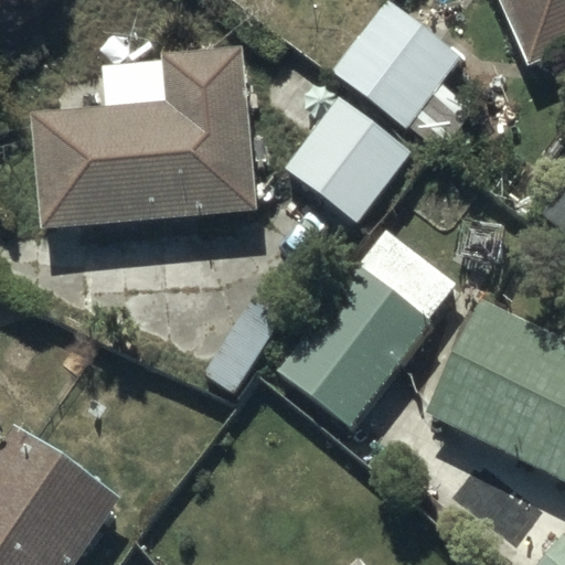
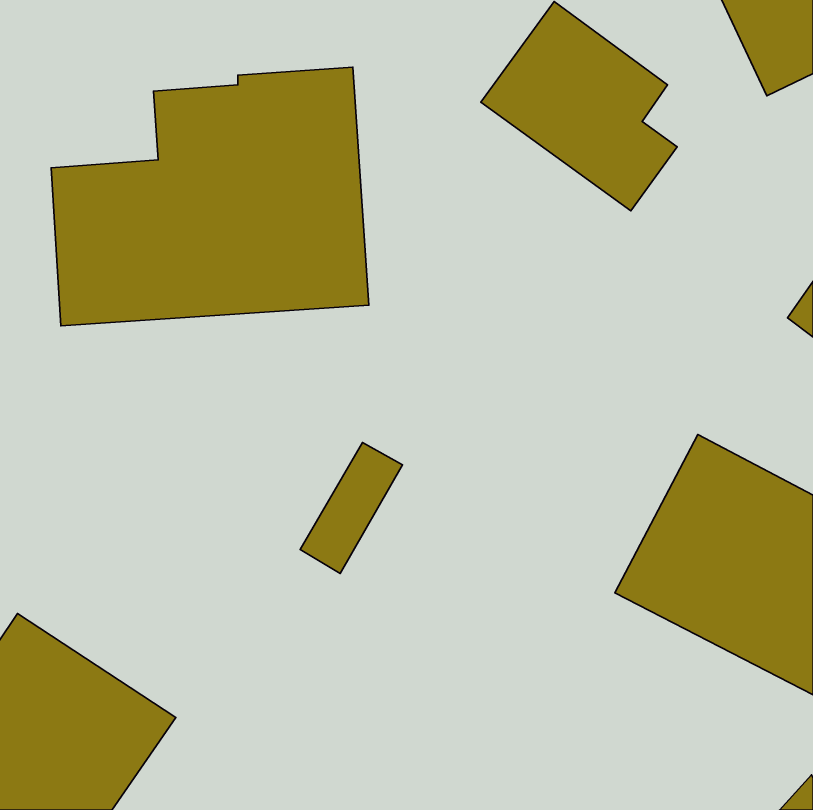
building: [286,97,412,223] -> none
building: [280,231,456,428] -> none

